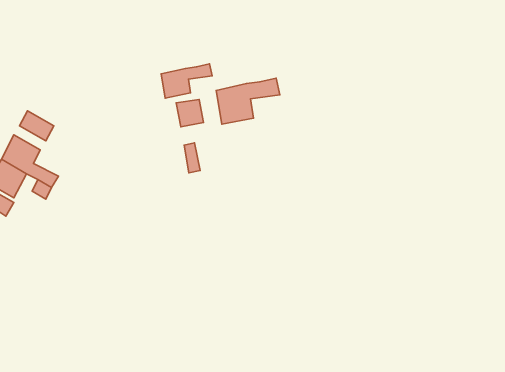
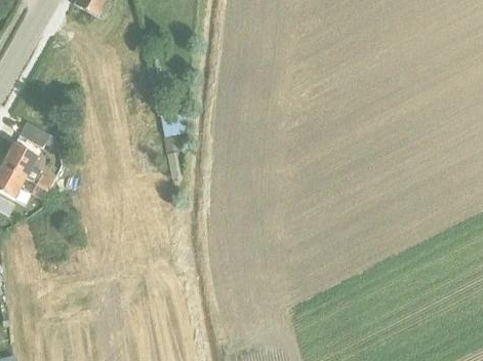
building: [161,64,212,98] -> none
building: [216,78,280,124] -> none

